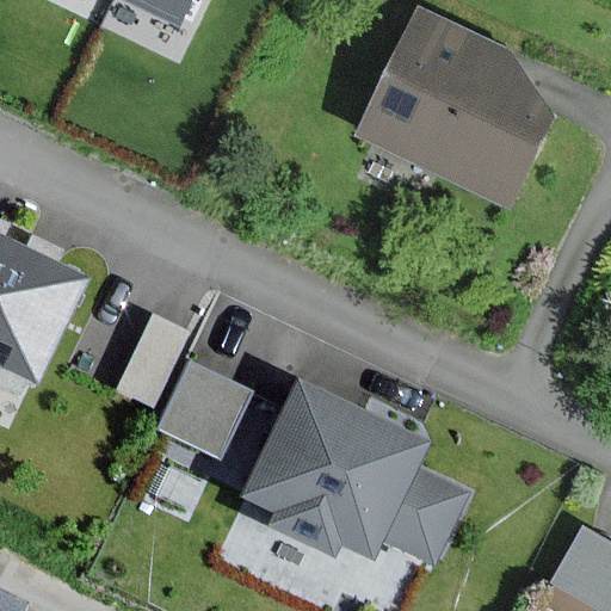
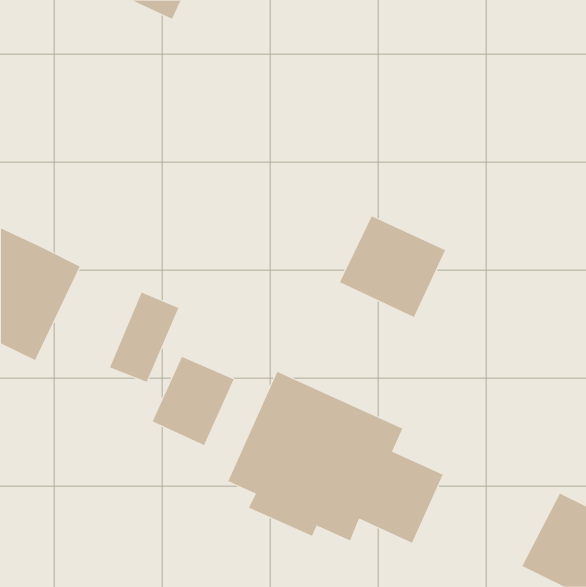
building: [369,11,573,208] -> none
building: none -> [339,215,446,318]

